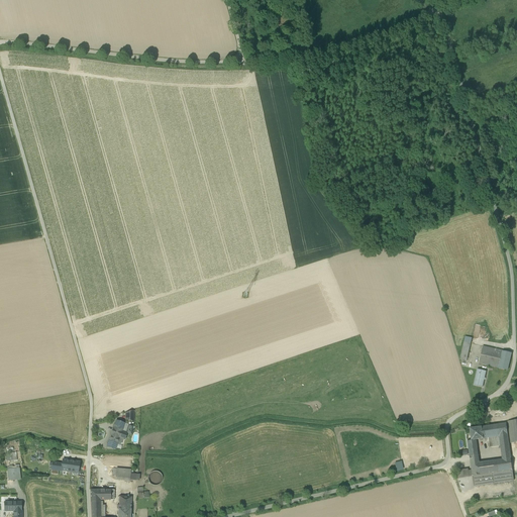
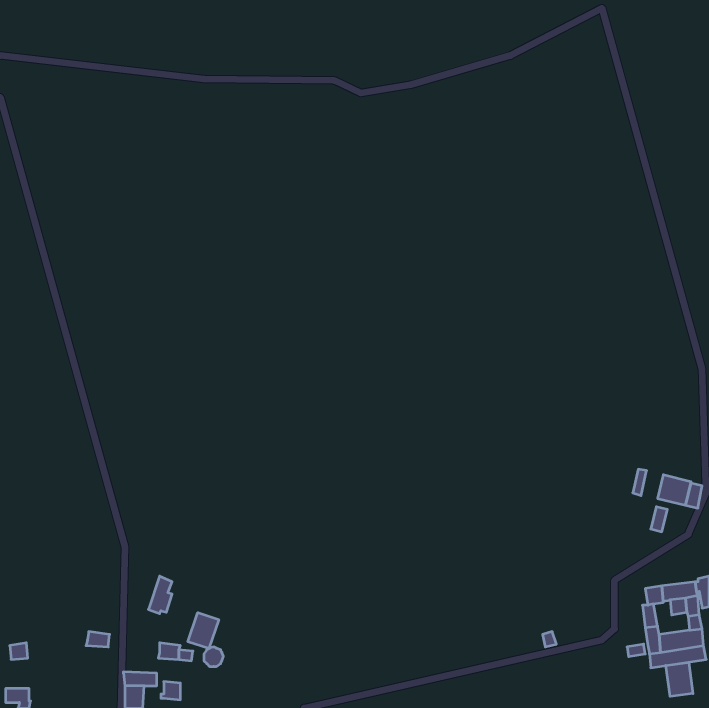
building: none -> [188,613,219,649]
building: none -> [666,663,693,696]

